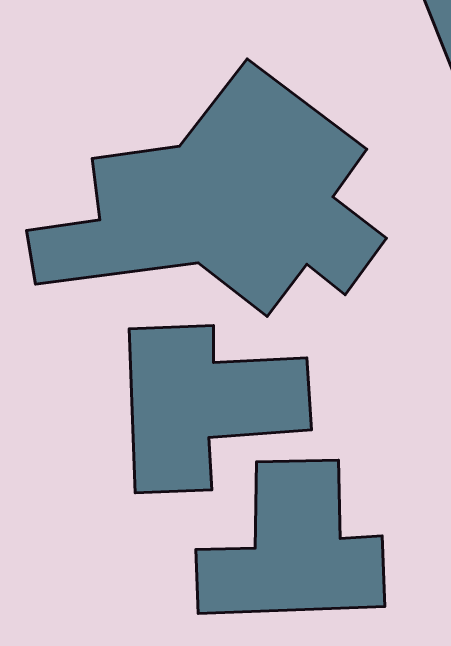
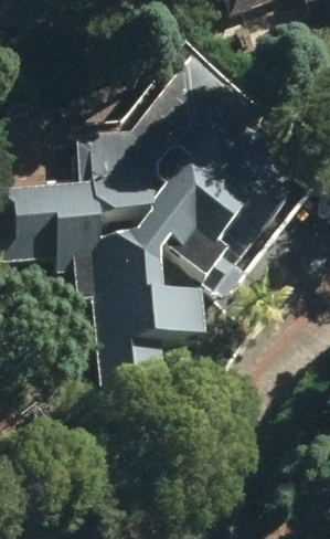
building: [196,460,385,614] -> none

